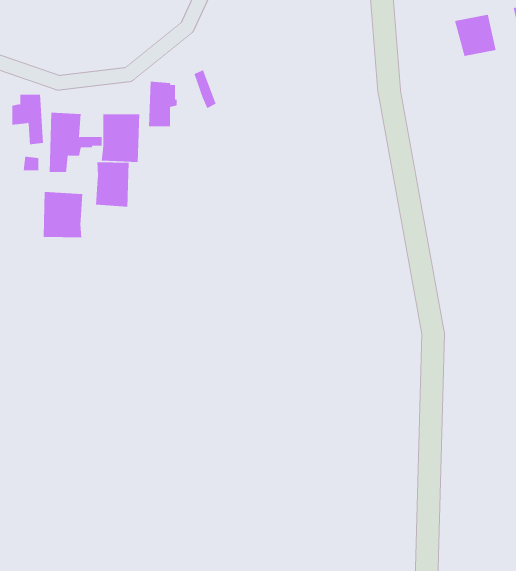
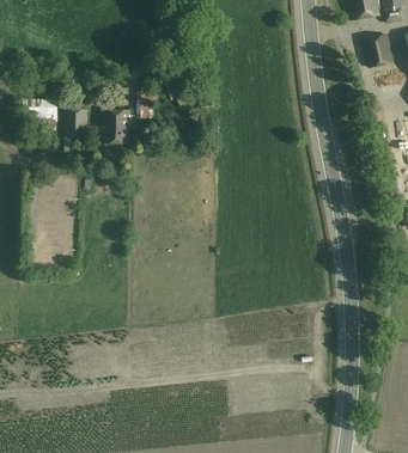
building: [96,161,129,208] -> none
building: [43,191,83,238] -> none

